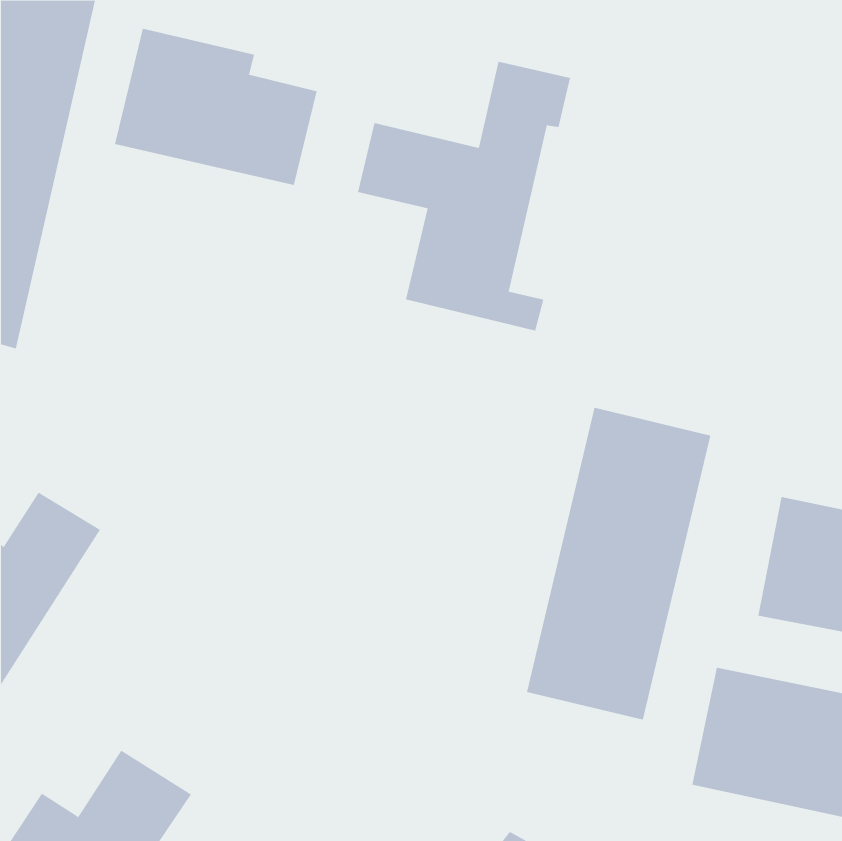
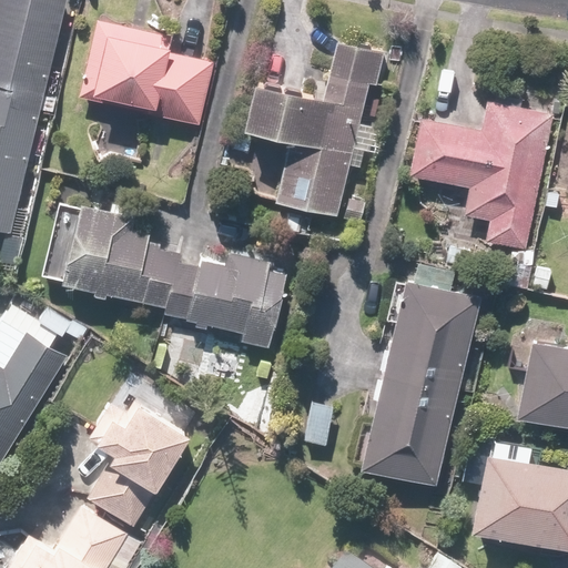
building: none -> [409,101,554,251]
building: none -> [42,204,286,349]
building: none -> [87,405,190,529]

